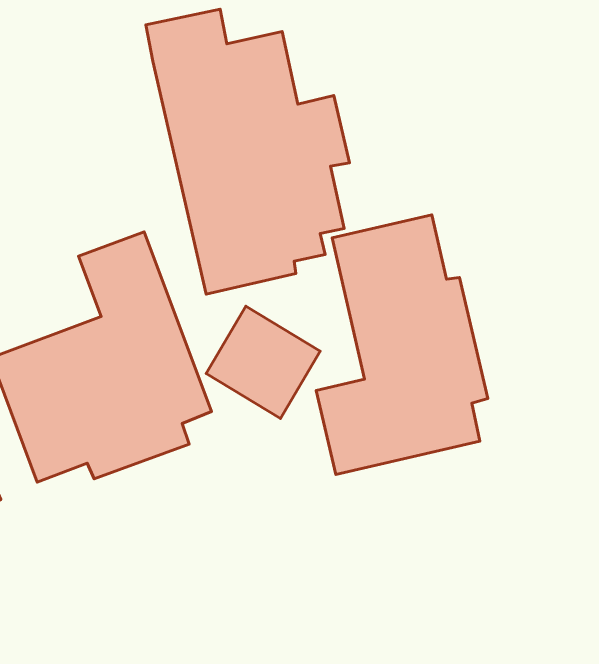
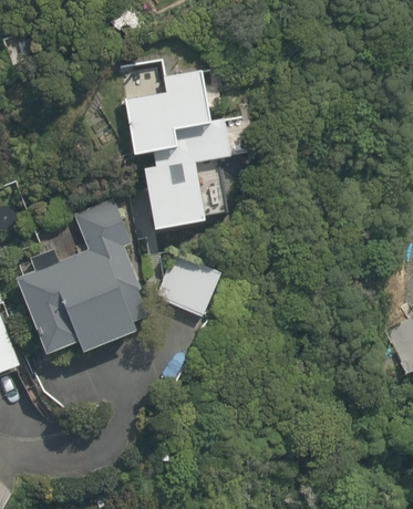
building: [316,215,488,474] -> none

